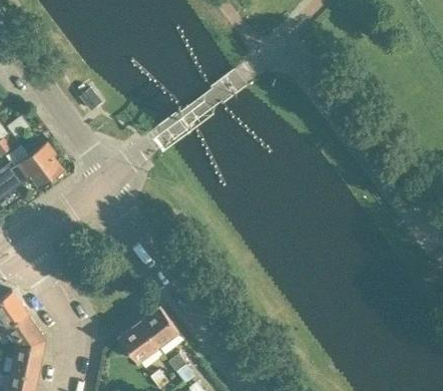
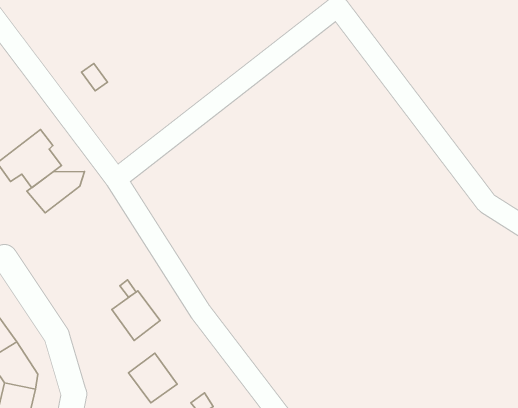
building: none -> [27,172,85,213]
building: [138,308,177,348] -> [112,291,160,341]

